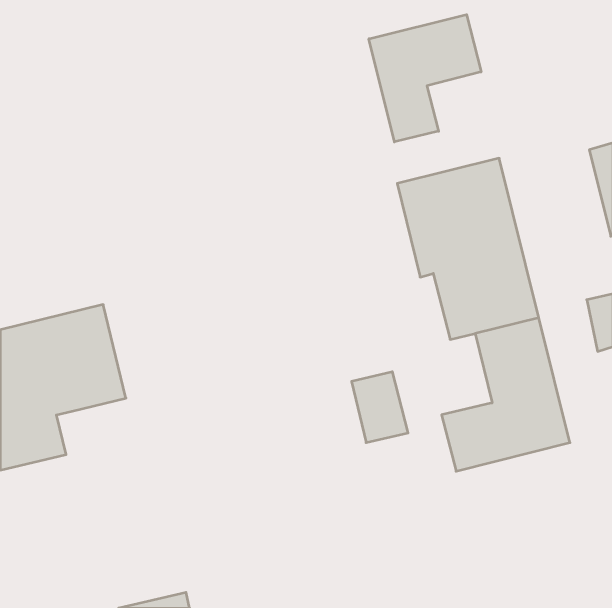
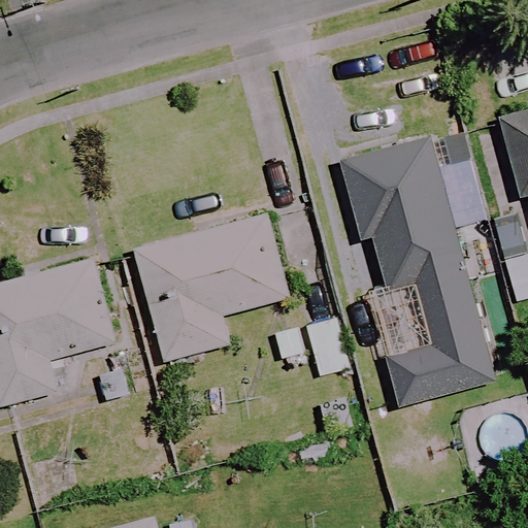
building: [369,15,481,142] -> none
building: none -> [134,216,290,361]

